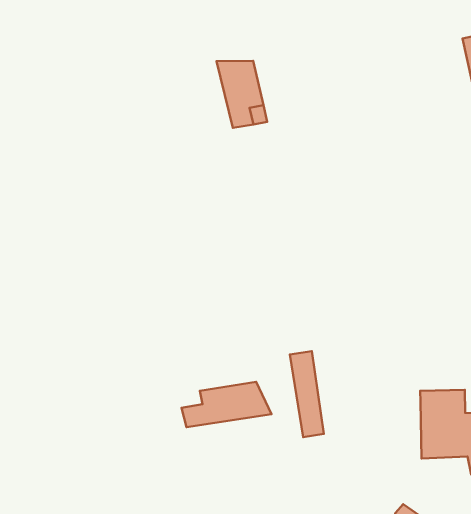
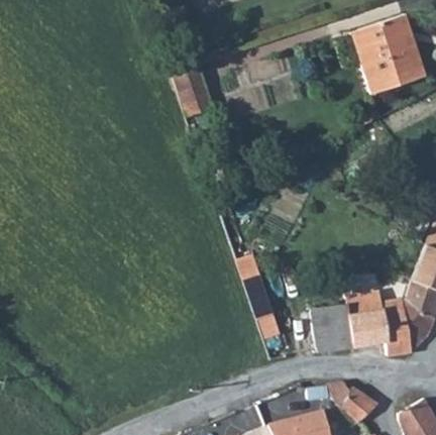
building: [182,382,272,427] -> none
building: none -> [312,305,352,352]

